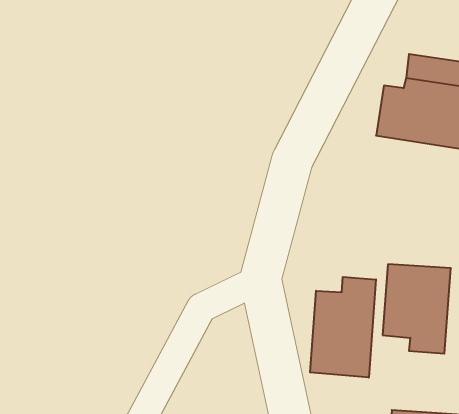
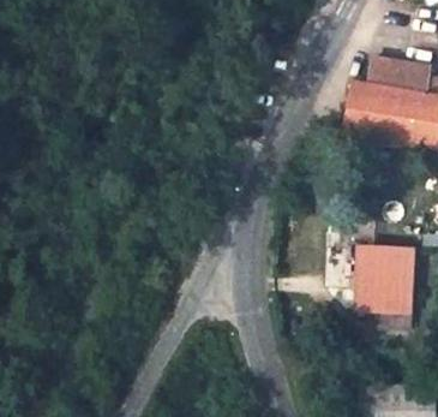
building: [310,277,376,378] -> none

